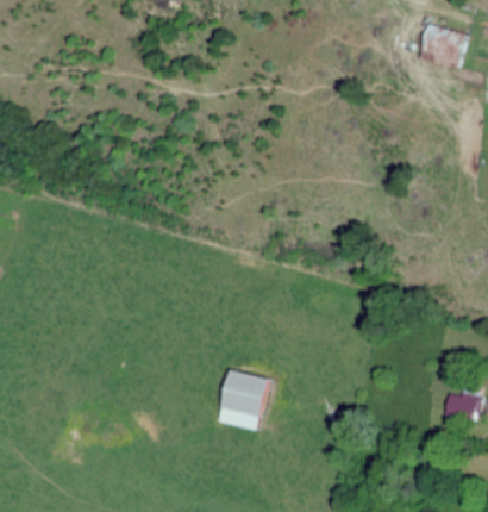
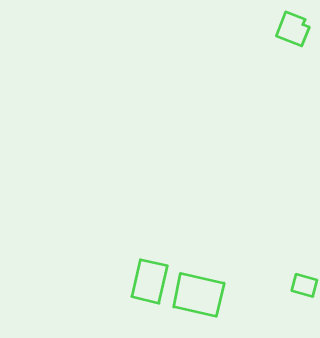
building: none -> [174,273,224,316]

